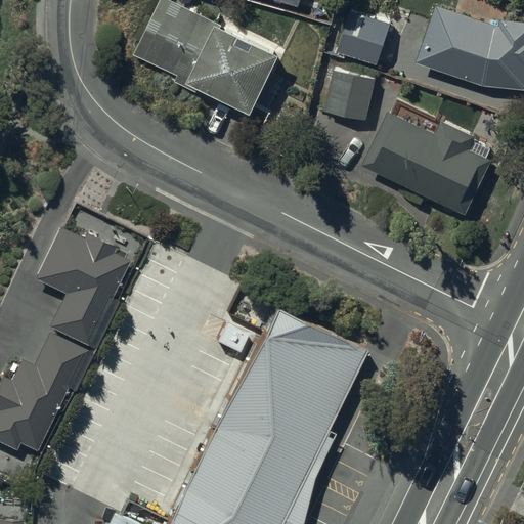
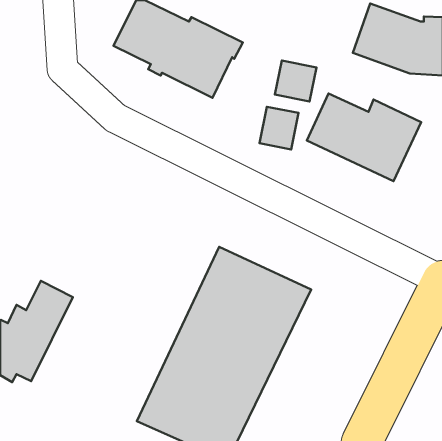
building: [340,11,400,68] -> none
building: none -> [260,107,298,149]
building: [34,231,128,351] -> none

